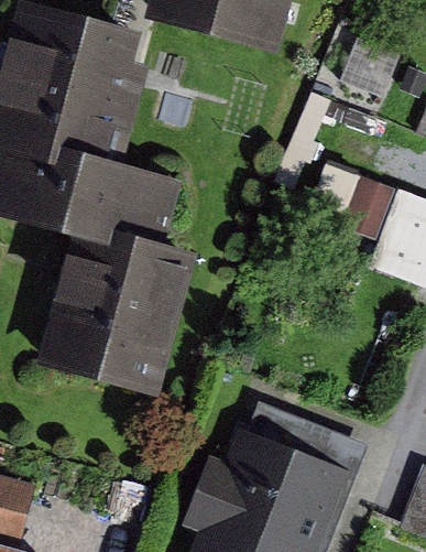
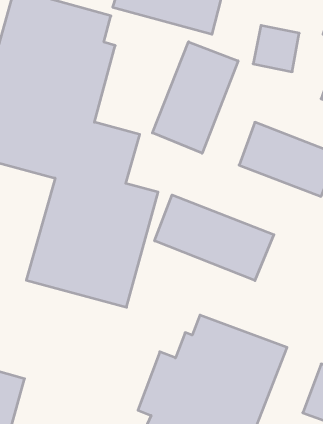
building: none -> [152,42,238,153]
building: none -> [155,195,274,281]

